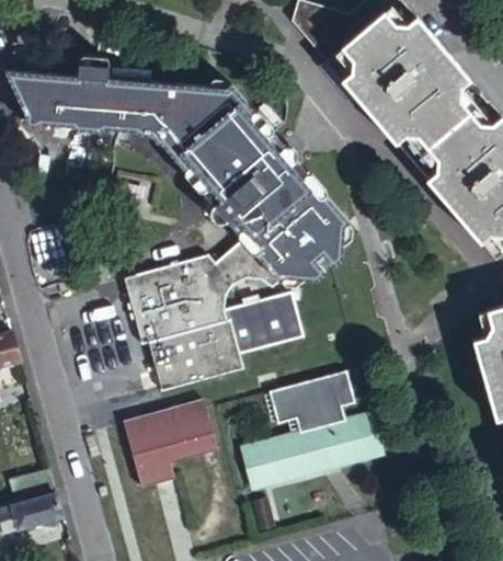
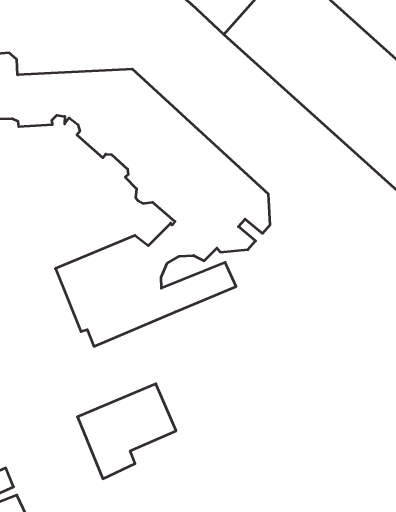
building: [151,314,306,390] -> none
building: [247,370,384,488] -> none

